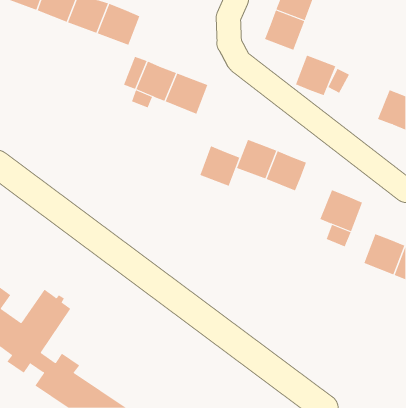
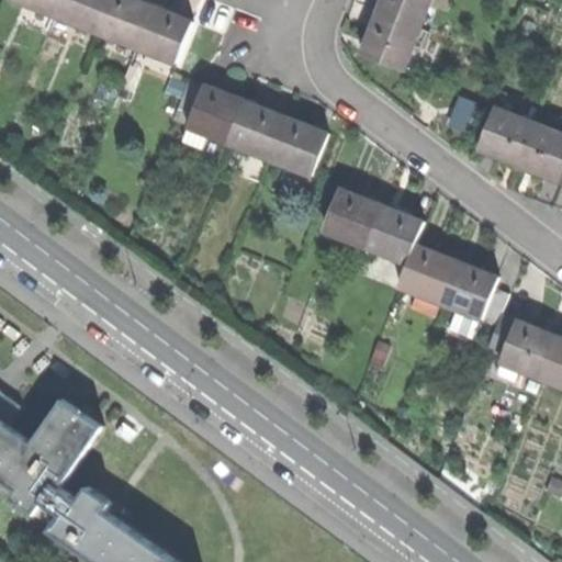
building: [295,55,336,96] -> [477,108,533,164]
building: [199,146,240,186] -> [270,116,326,172]
building: none -> [396,244,454,301]

